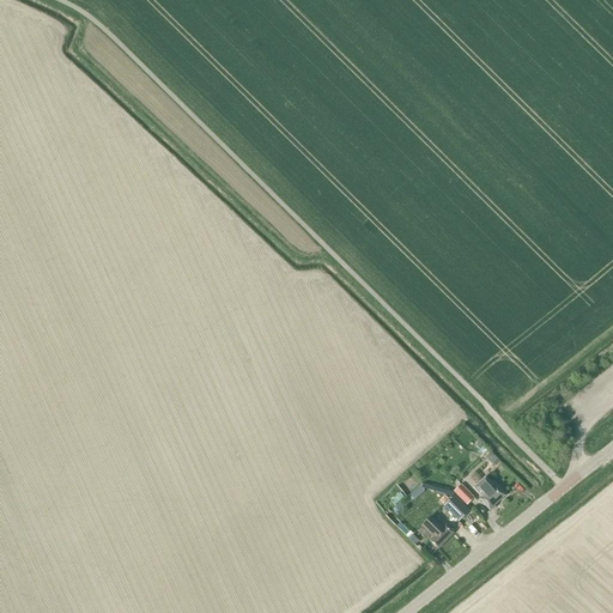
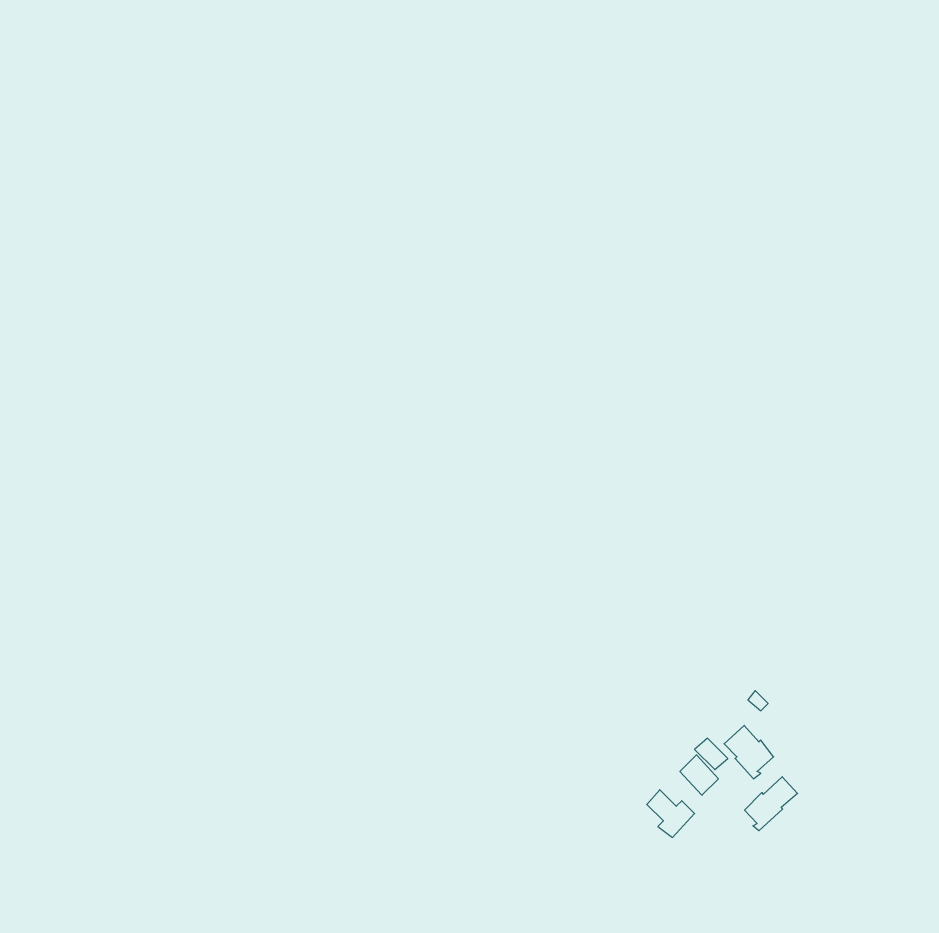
building: none -> [745,777,798,831]

